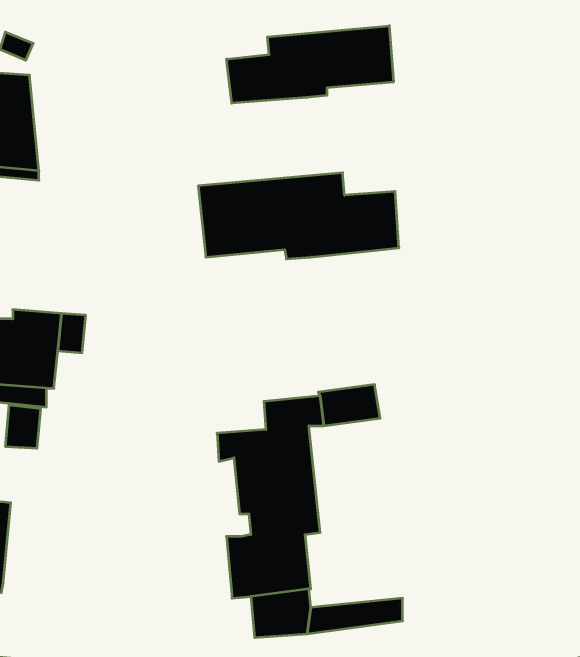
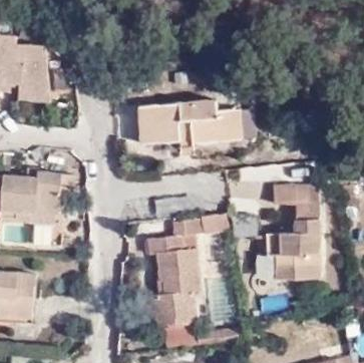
building: [227,26,393,103] -> none
building: none -> [267,184,320,278]

